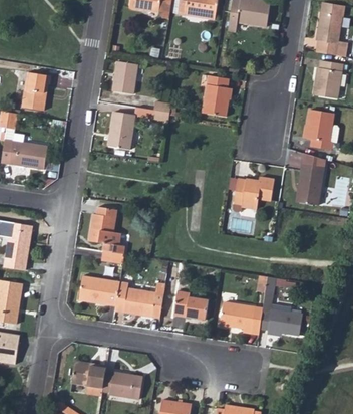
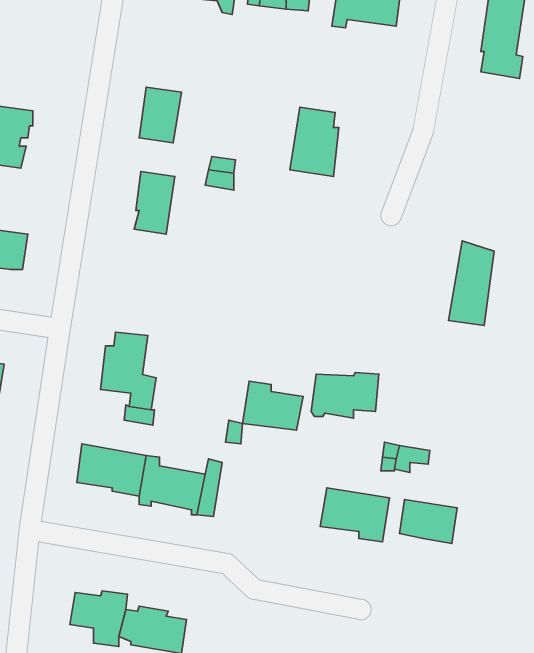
building: [314,61,343,98] -> none
building: [304,110,339,152] -> none
building: [233,177,273,204] -> [311,372,379,418]
building: [169,288,206,318] -> [242,381,303,430]

